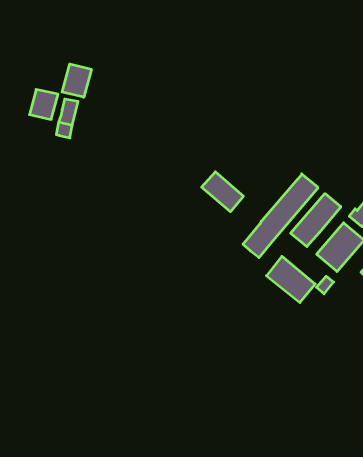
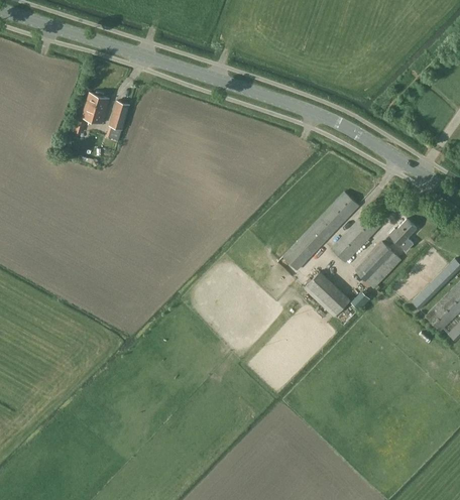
building: [62,64,91,97] -> none
building: [202,172,243,212] -> none

